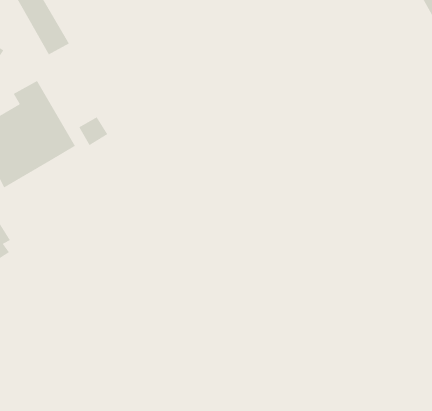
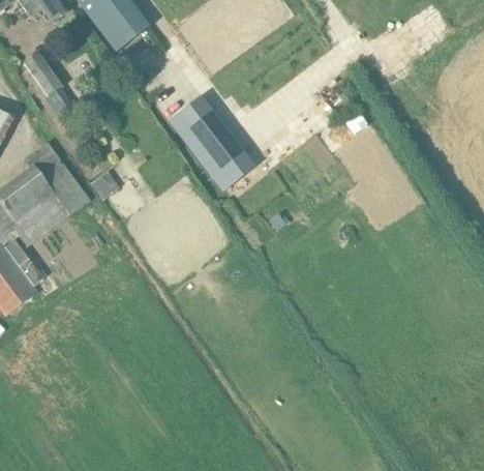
building: none -> [170,93,255,190]

